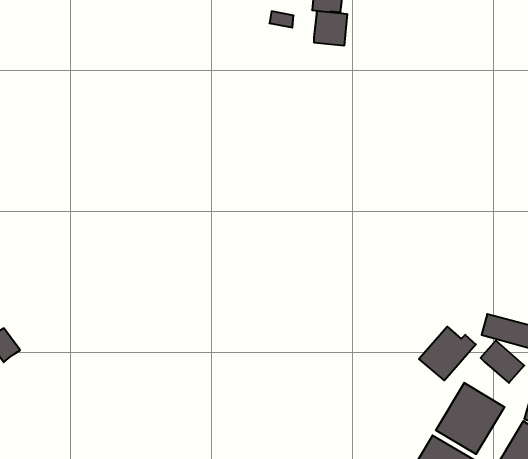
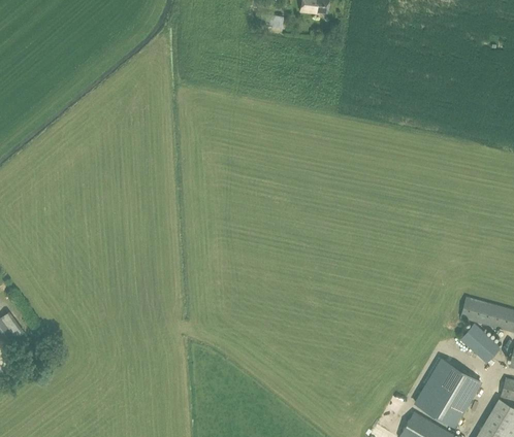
building: [314,11,347,46] -> none
building: [419,327,476,380] -> none

